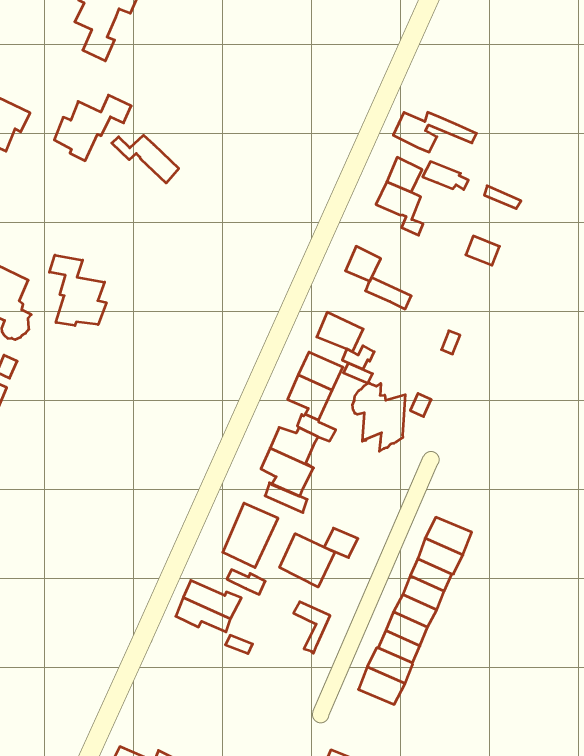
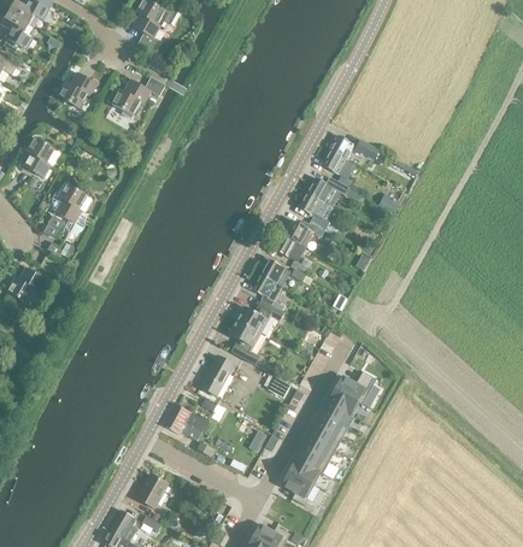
building: [393,112,477,152] -> [306,176,362,204]
building: [112,135,179,183] -> none
building: [49,255,106,326] -> none
building: none -> [283,218,325,246]
building: [352,383,405,451] -> none
building: [280,534,335,587] -> none
building: none -> [136,472,168,506]

